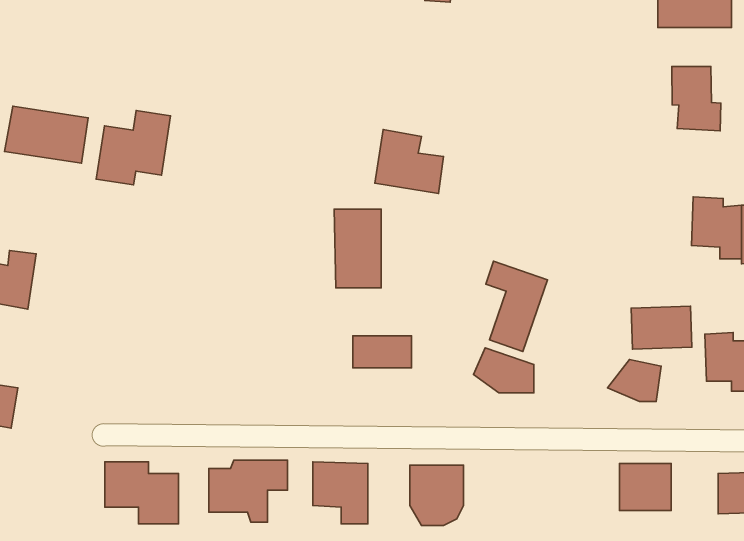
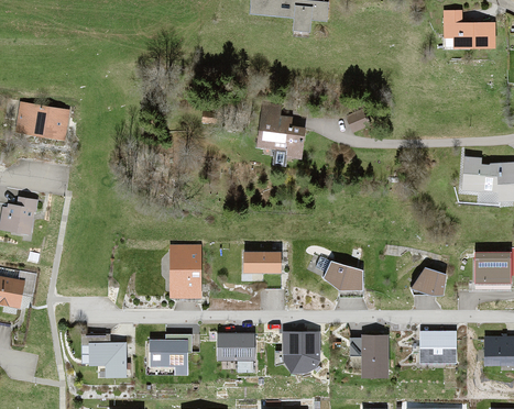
building: [672,66,721,131] -> none
building: [96,110,171,185] -> none
building: [334,209,381,288] -> [169,244,200,296]
building: [486,261,547,352] -> none
building: [631,306,692,349] -> none
building: none -> [348,334,387,376]

